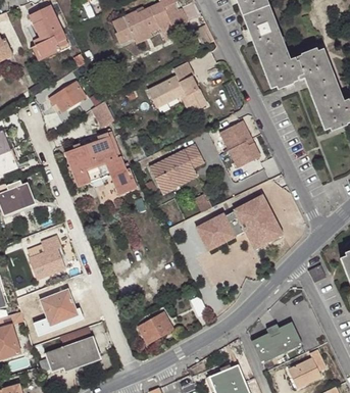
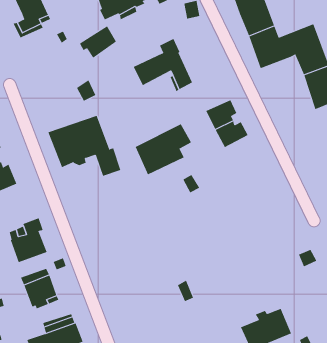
building: [48,81,85,112] -> [79,26,117,58]
building: [194,195,281,251] -> none
building: [137,311,171,341] -> none

